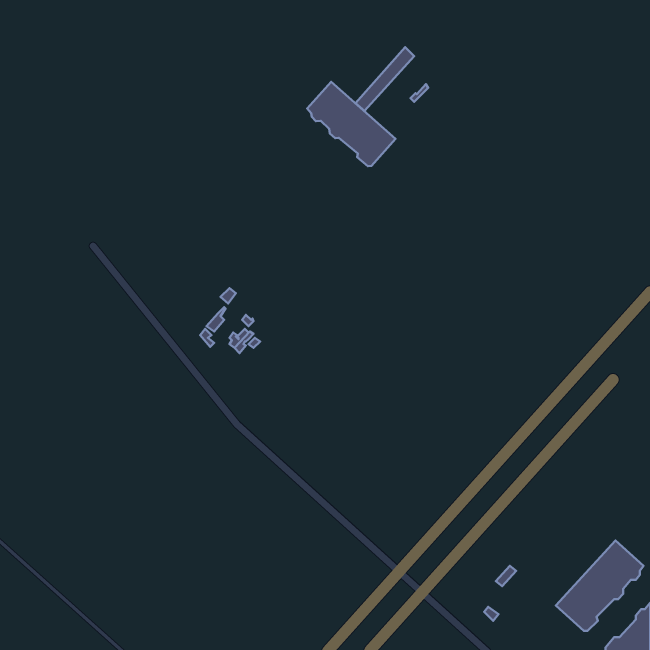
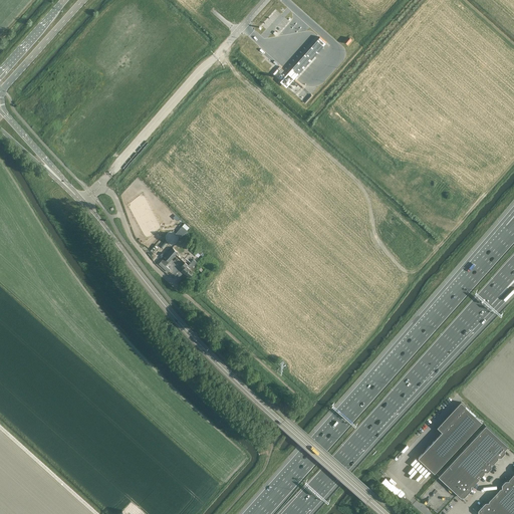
building: [307,82,396,166] -> none
building: none -> [418,404,481,475]

